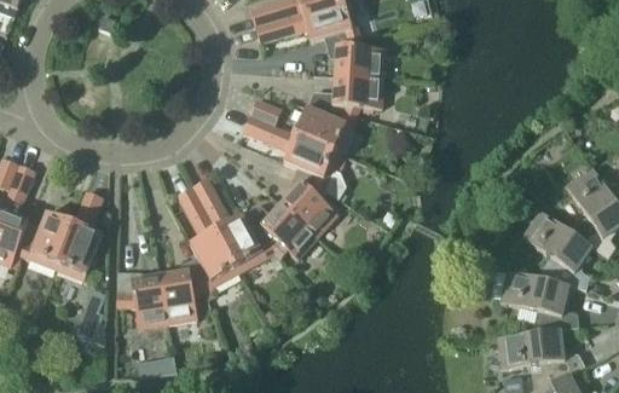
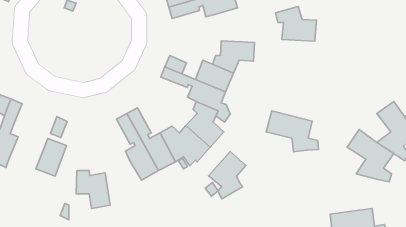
building: [324,27,386,79] -> [275,7,317,41]
building: [16,212,74,268] -> none
building: none -> [209,152,246,199]
building: [160,255,214,323] -> none
building: [499,268,578,330] -> [266,111,319,152]

